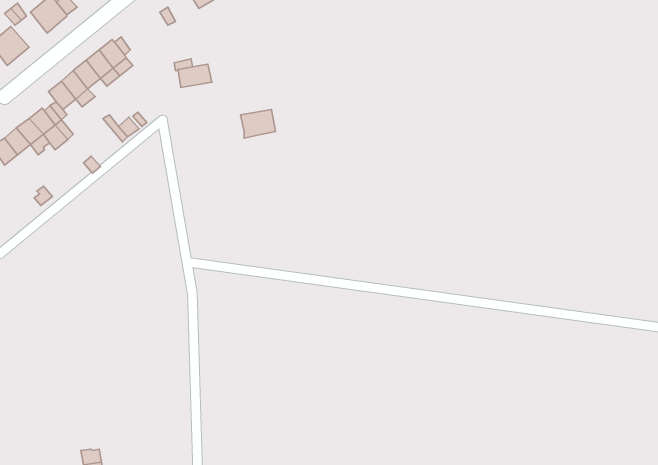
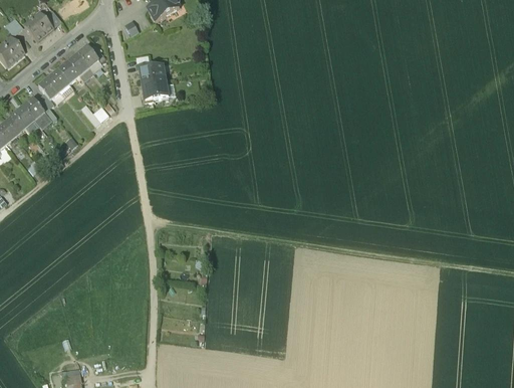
building: [240,110,275,138] -> [141,78,168,101]

